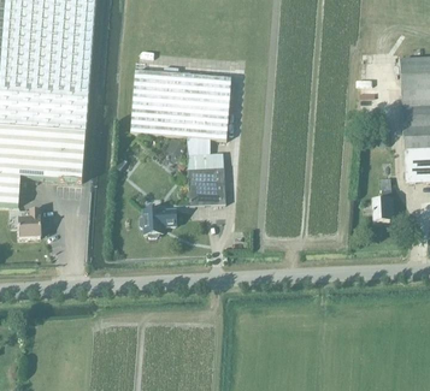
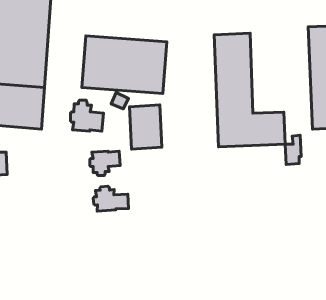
building: none -> [214,33,285,147]
building: none -> [70,100,103,131]
building: none -> [93,186,129,211]

